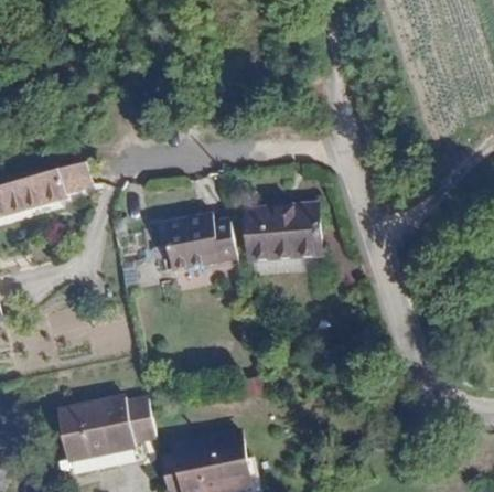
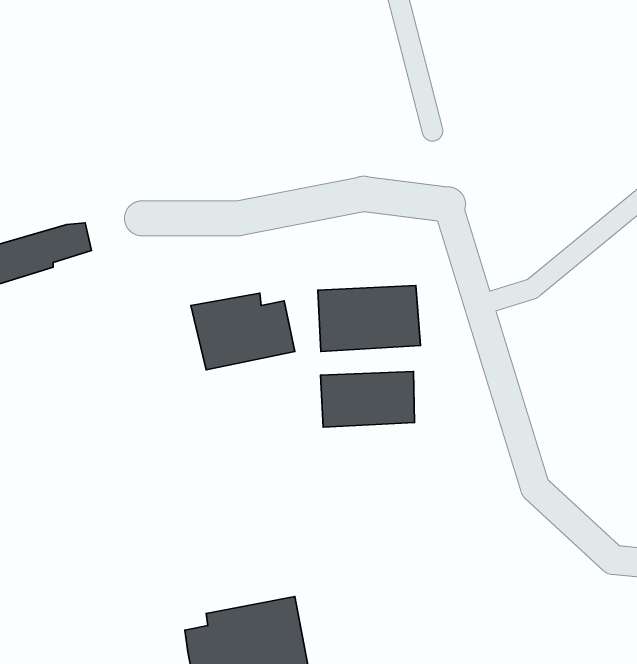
building: none -> [320,371,415,427]
building: [57,397,153,473] -> none

